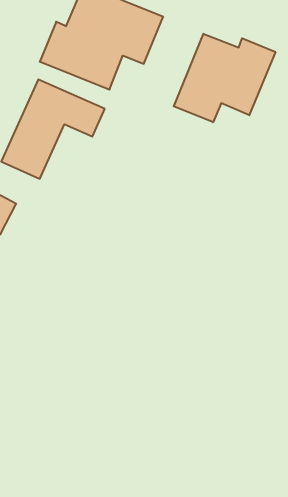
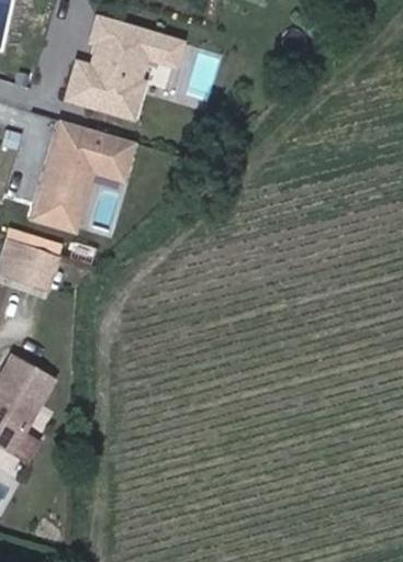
building: [174,34,275,122] -> none

